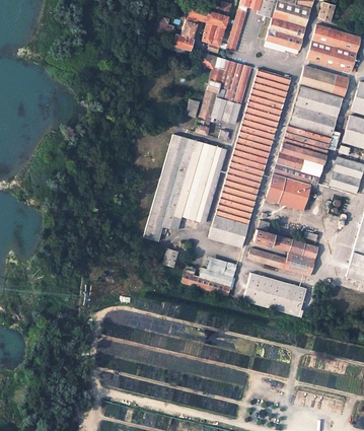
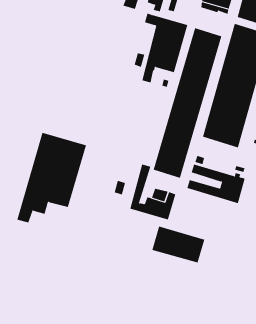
building: [144,134,226,240] -> [17,132,87,223]
building: [243,272,306,315] -> [151,226,205,263]

